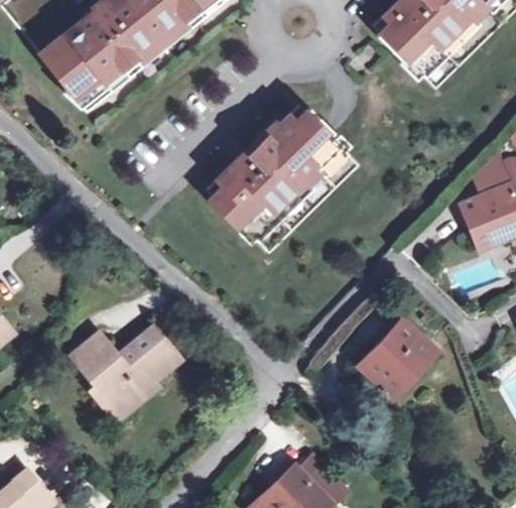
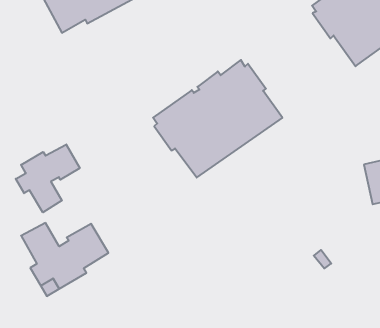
building: none -> [16,144,80,212]
building: [357,319,433,396] -> none

